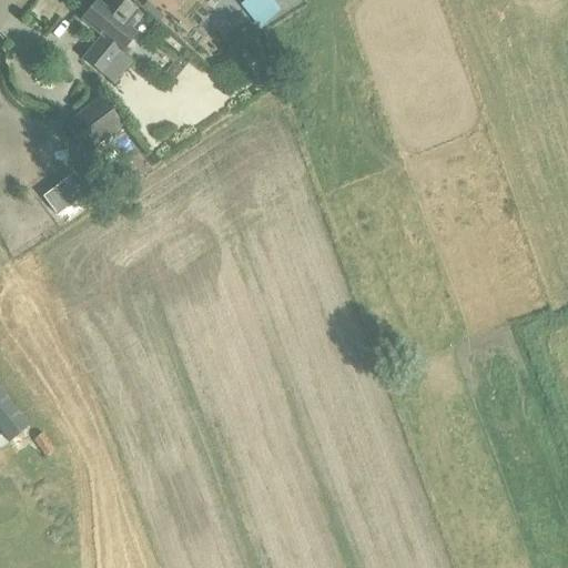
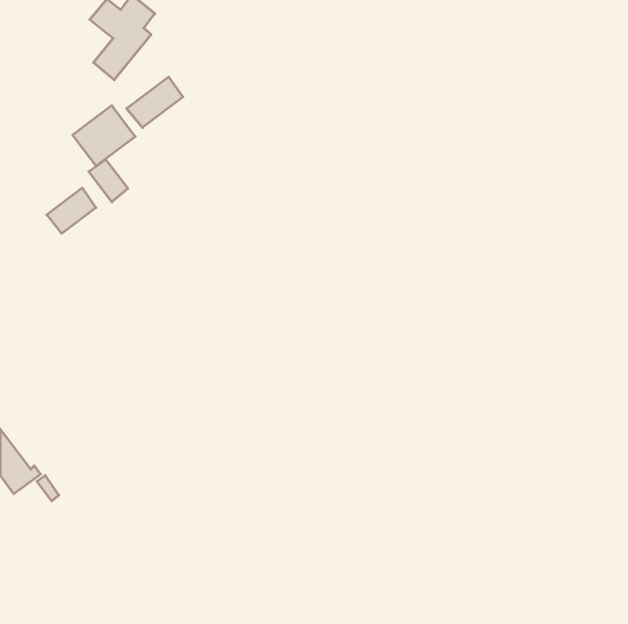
building: none -> [127,77,183,128]
building: none -> [89,159,128,202]

